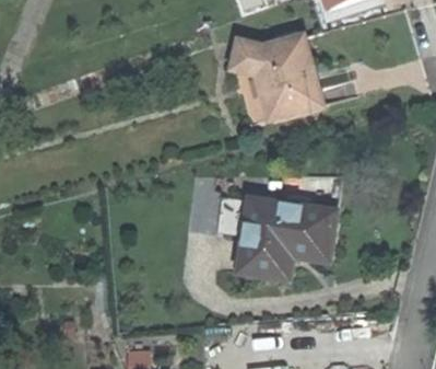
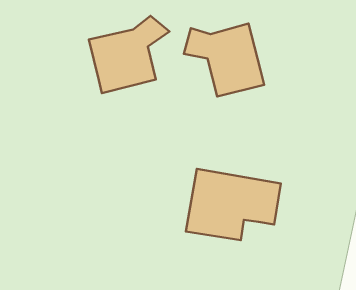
building: none -> [89,16,170,93]

